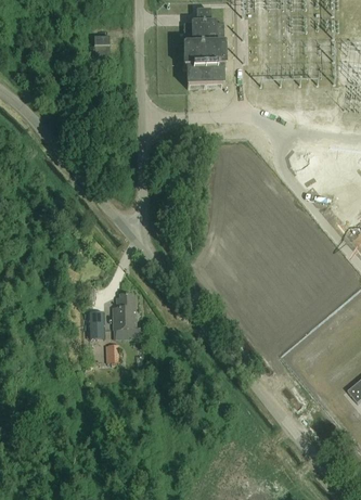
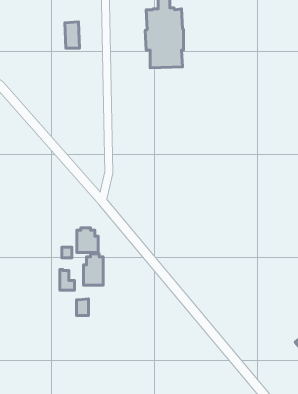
building: none -> [77,228,98,253]

